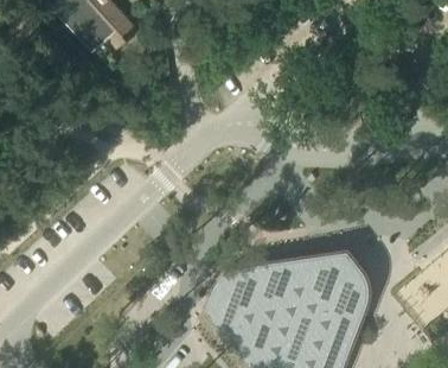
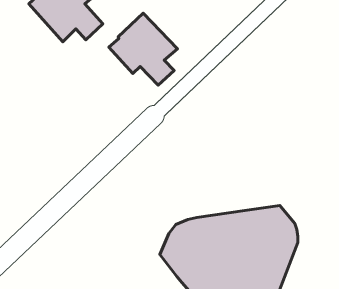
building: none -> [109,13,177,85]

